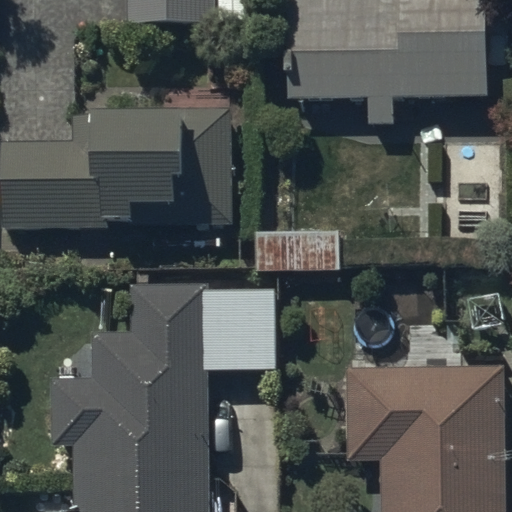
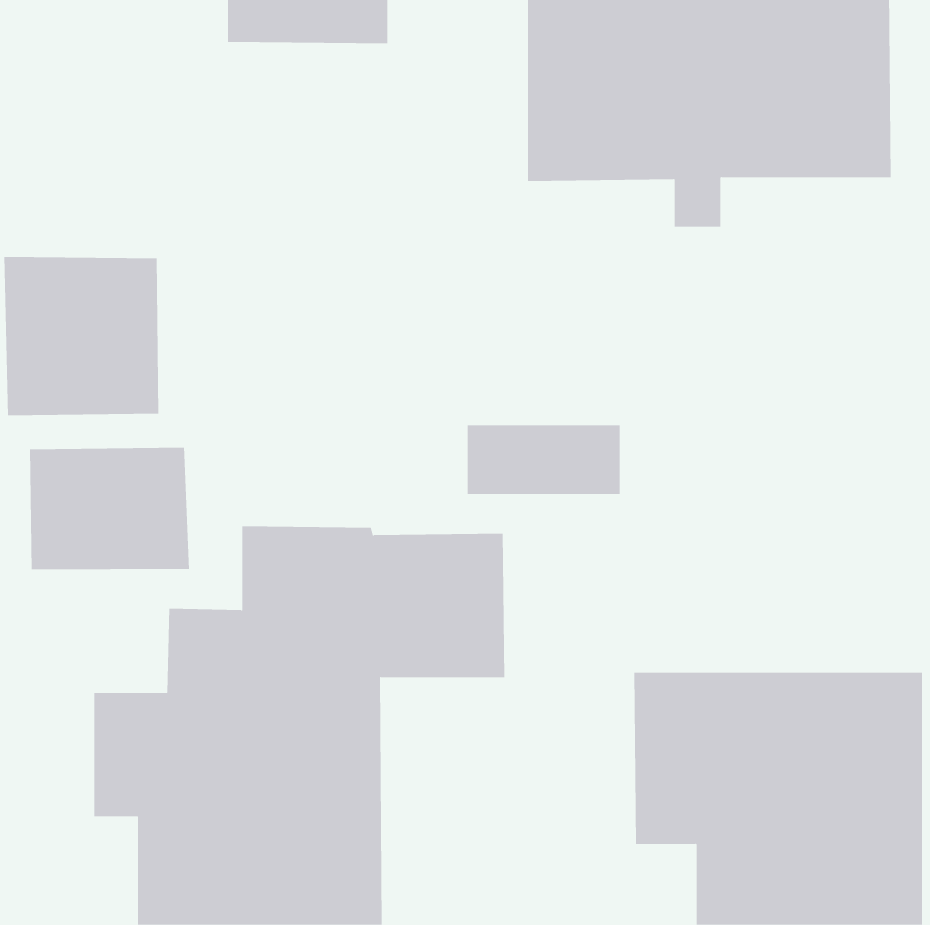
building: [94,84,232,225] -> none
building: none -> [30,447,190,570]

